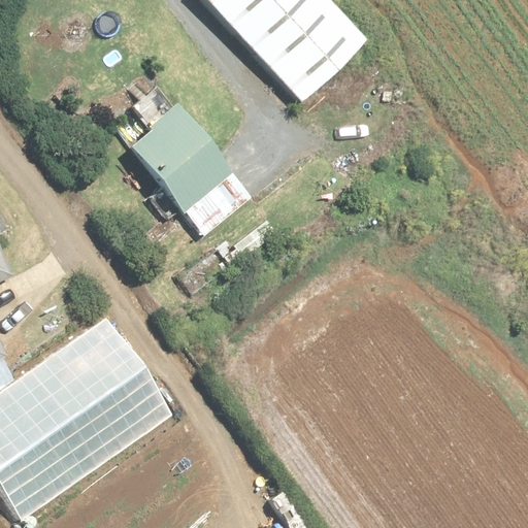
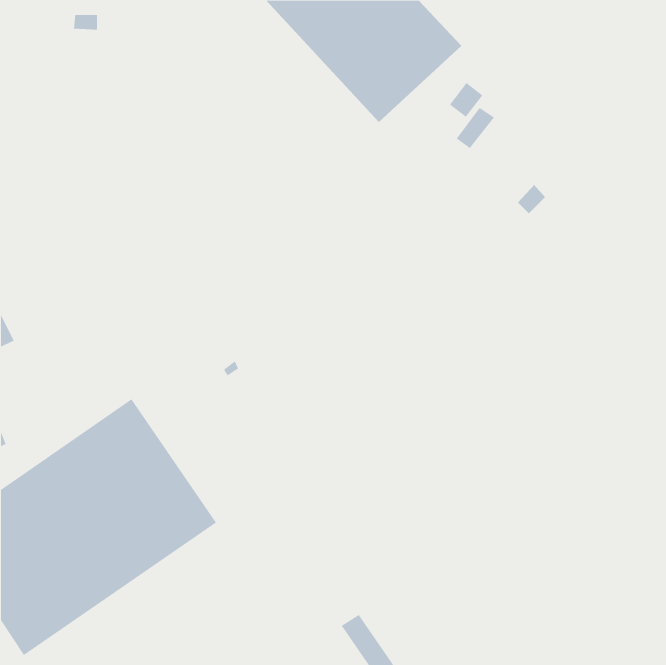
building: [129,98,249,233] -> none

